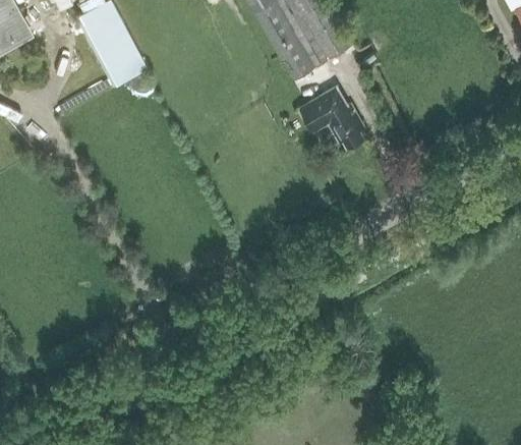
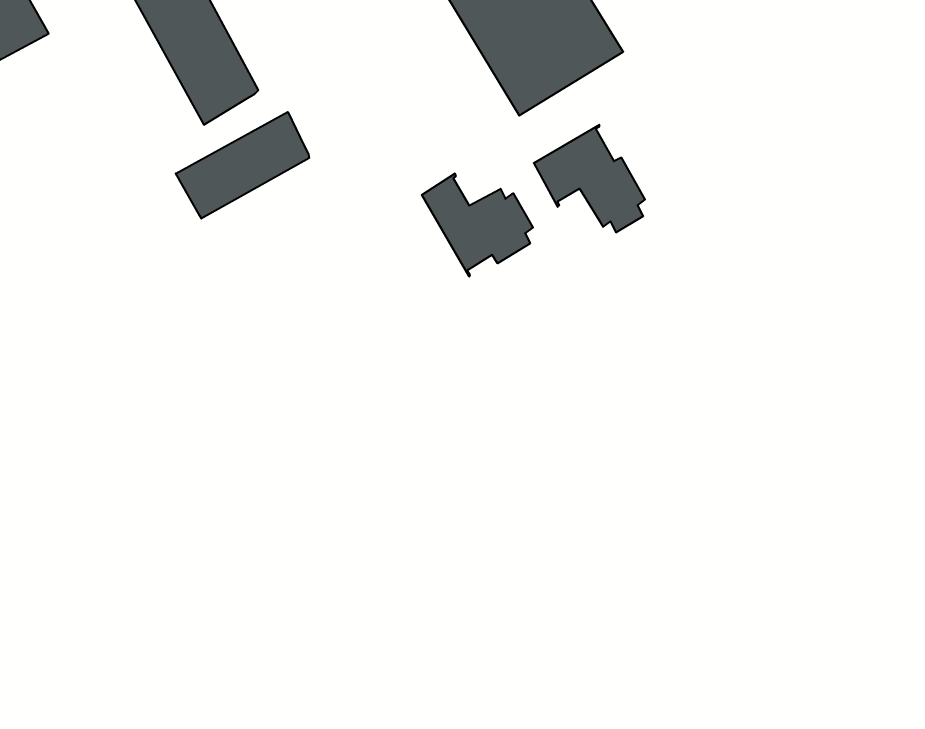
building: none -> [176,112,309,219]
building: none -> [422,173,533,277]

